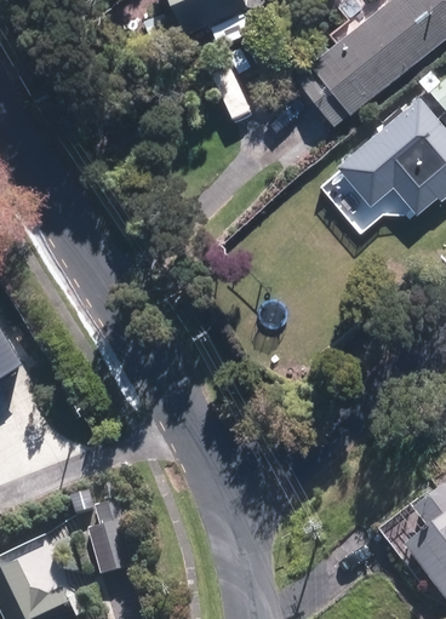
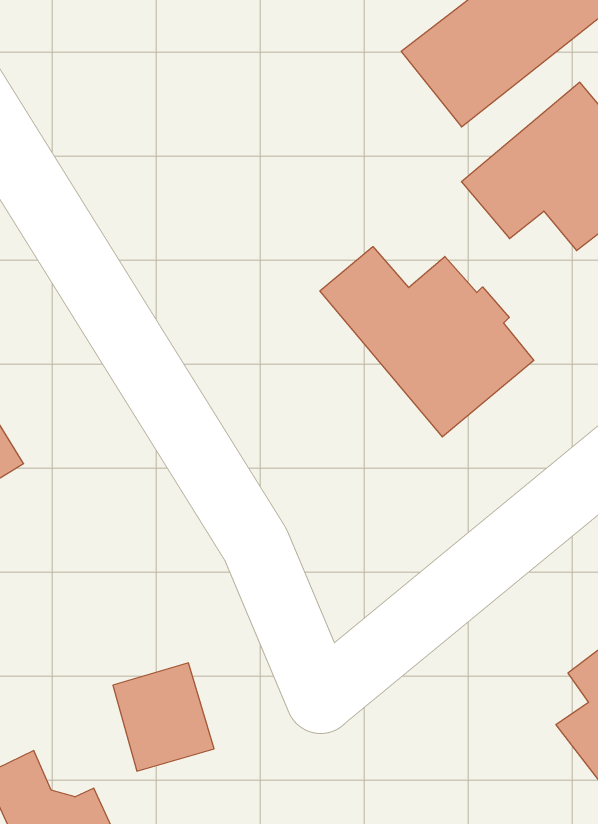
building: none -> [320,247,534,437]

